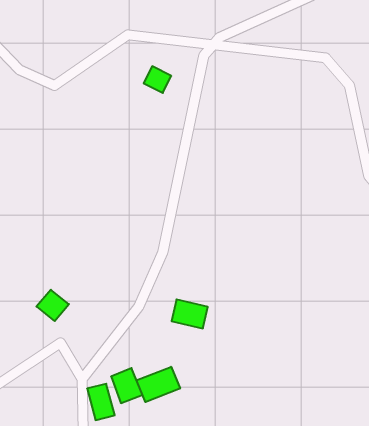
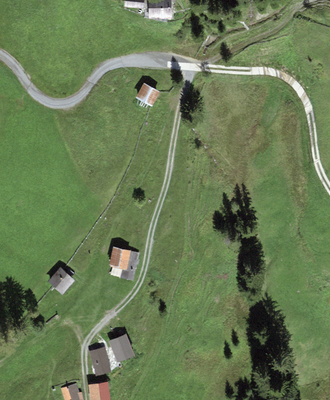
building: [172,299,208,328] -> [109,246,139,270]
building: [137,367,180,402] -> none

